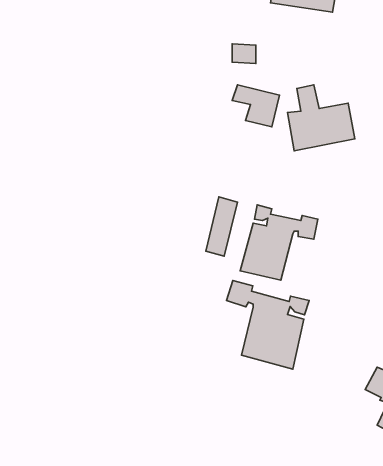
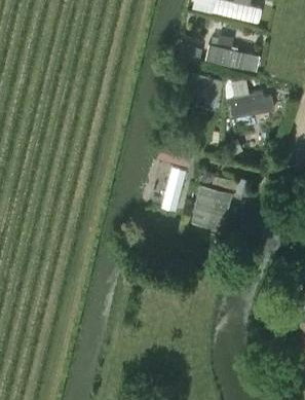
building: none -> [206,43,262,72]
building: [226,281,309,369] -> none

